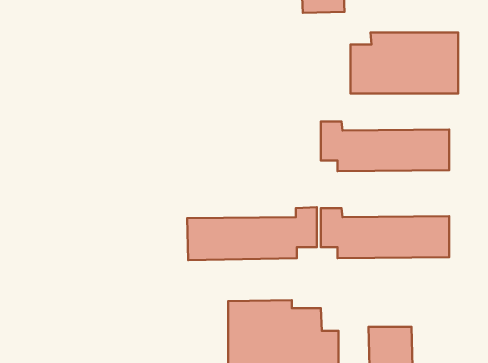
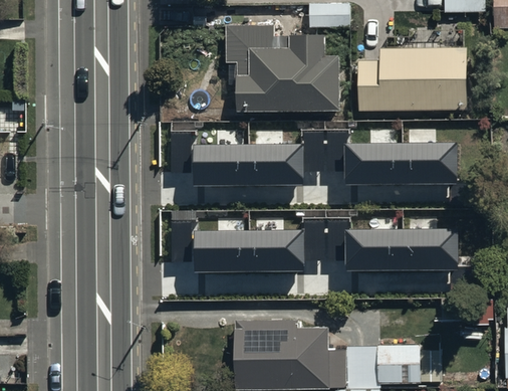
building: none -> [226,24,339,109]
building: none -> [193,137,323,189]

